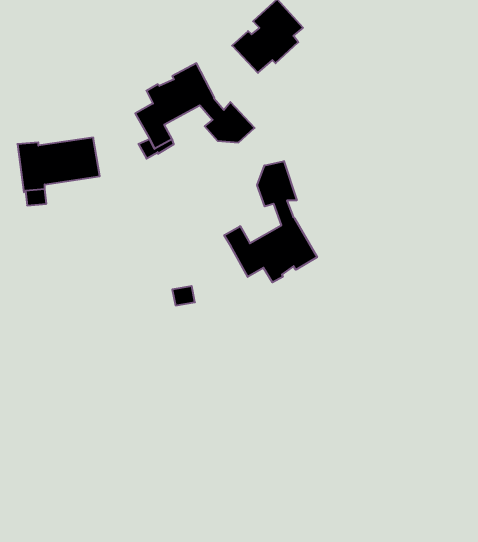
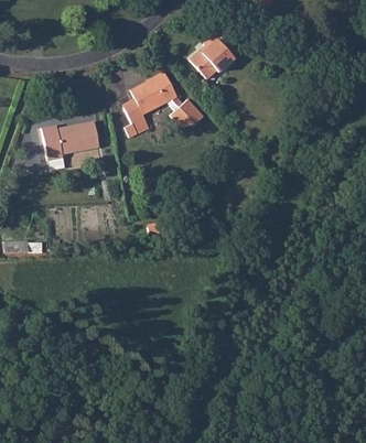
building: [224,161,317,282] -> none

